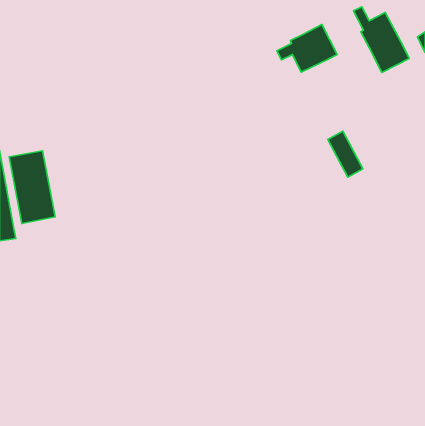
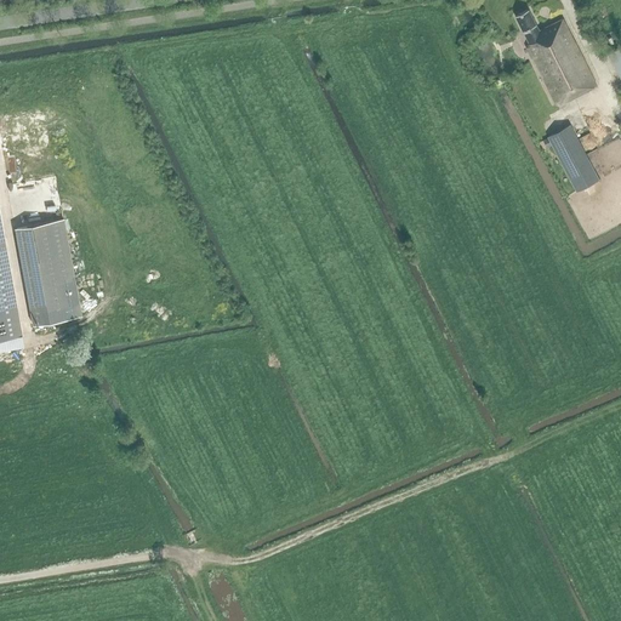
building: [277,24,337,72] -> none
building: [328,131,363,177] -> [547,124,598,190]

